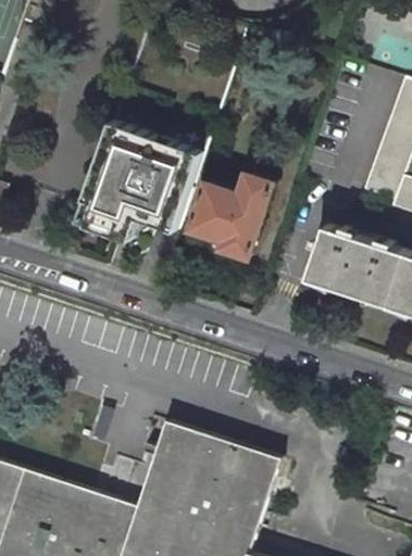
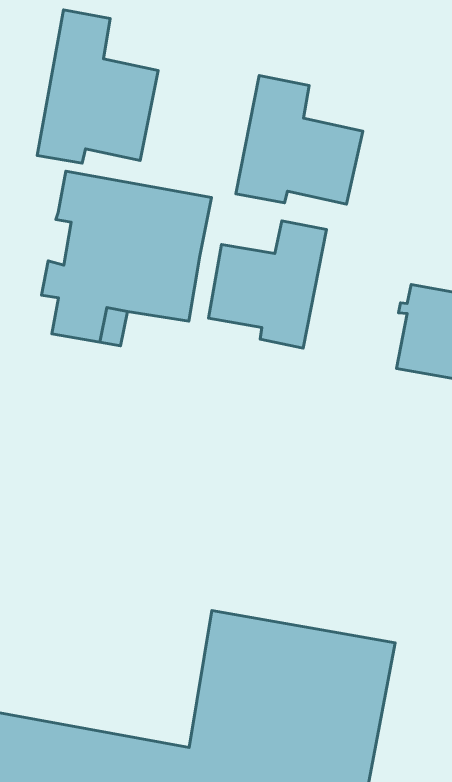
building: none -> [37,10,158,163]
building: none -> [236,75,363,204]

